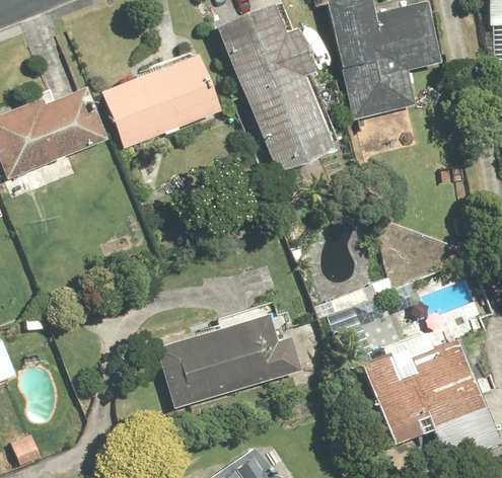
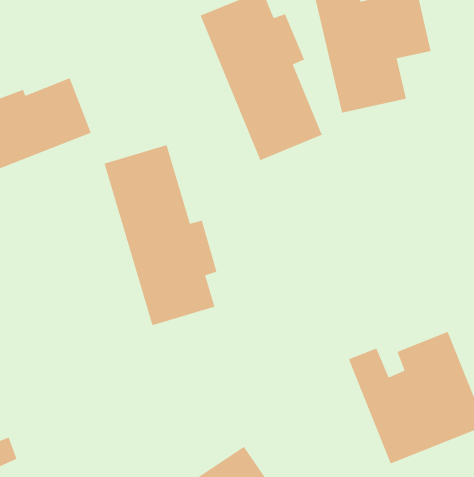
building: [101,55,220,148] -> none
building: none -> [104,144,217,326]
building: [156,311,302,408] -> none

